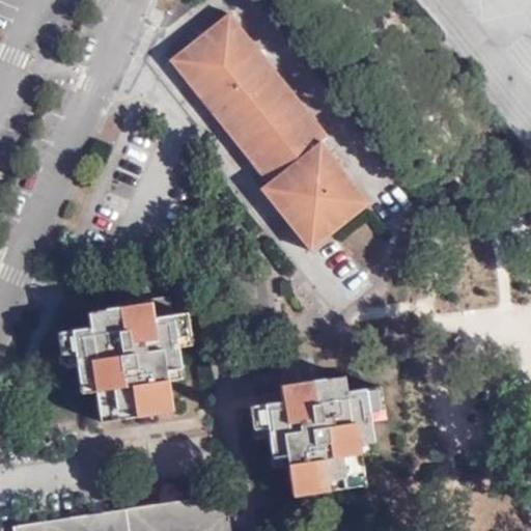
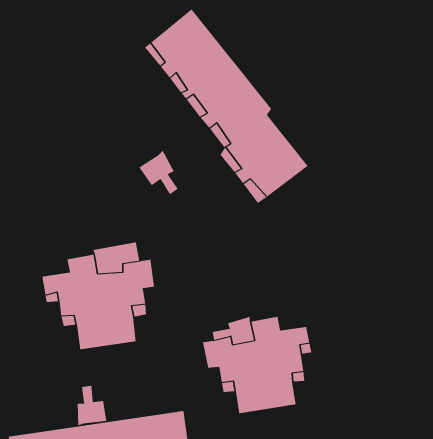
building: none -> [139,150,179,195]
building: none -> [77,385,107,426]

